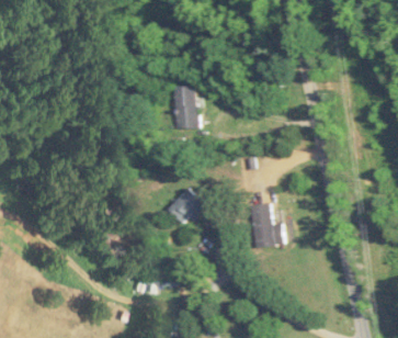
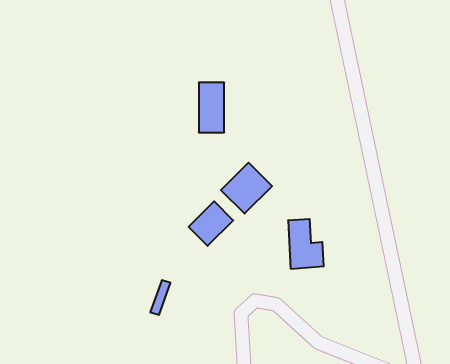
building: none -> [221,163,272,214]

